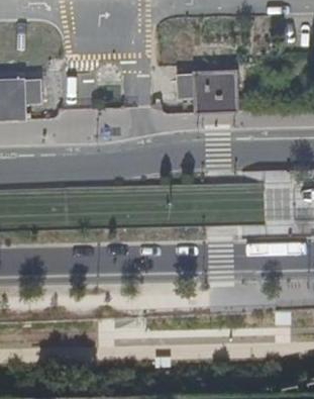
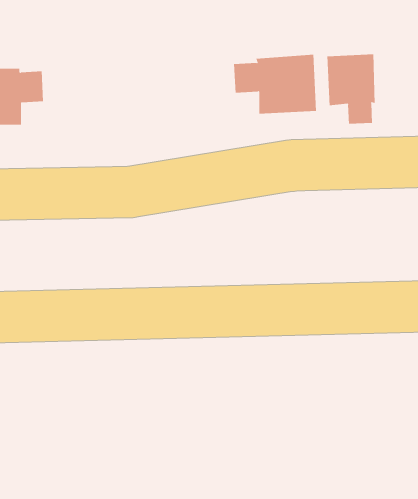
building: none -> [327,54,375,125]

